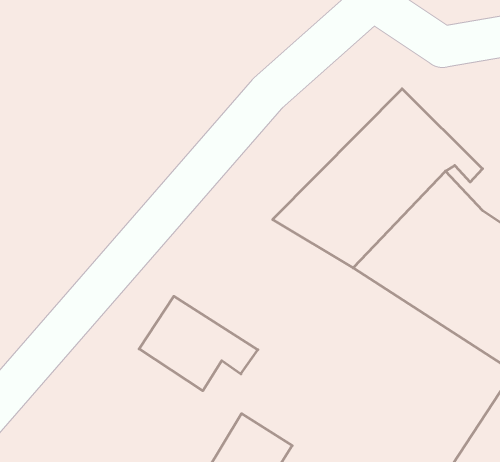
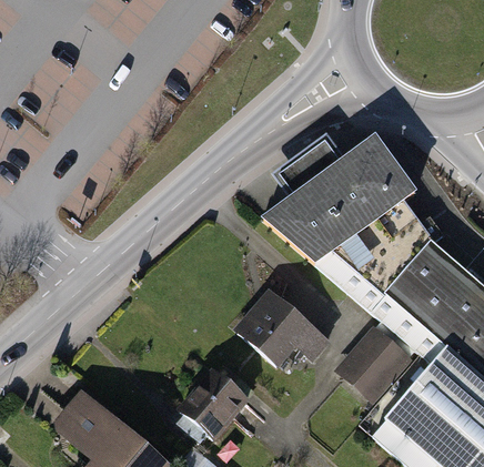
building: [139,296,258,391] -> [238,288,329,364]
building: none -> [339,329,406,398]

